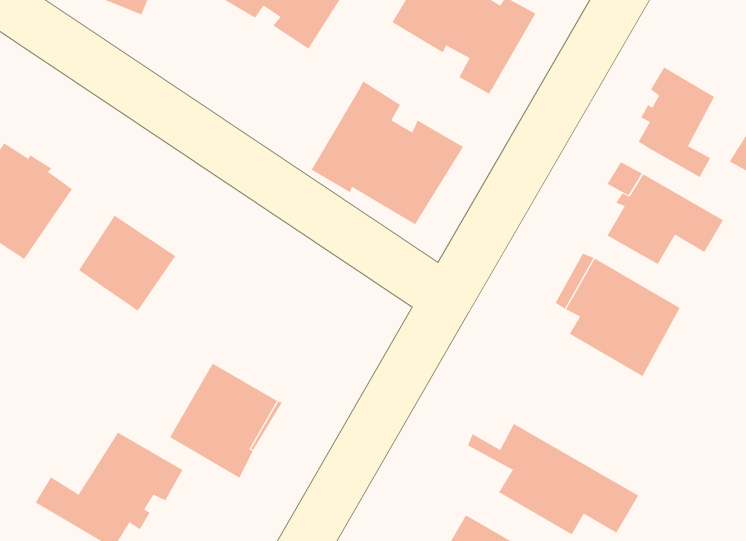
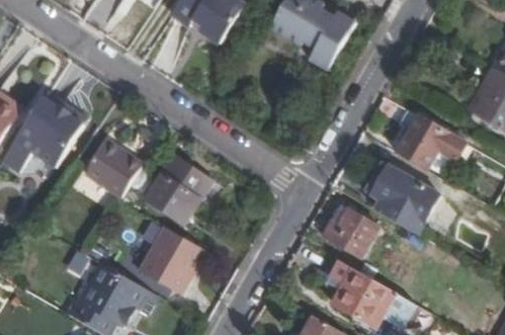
building: [638,67,715,178] -> none
building: [311,80,464,225] -> none
building: none -> [145,155,212,224]
building: none -> [321,208,378,257]

